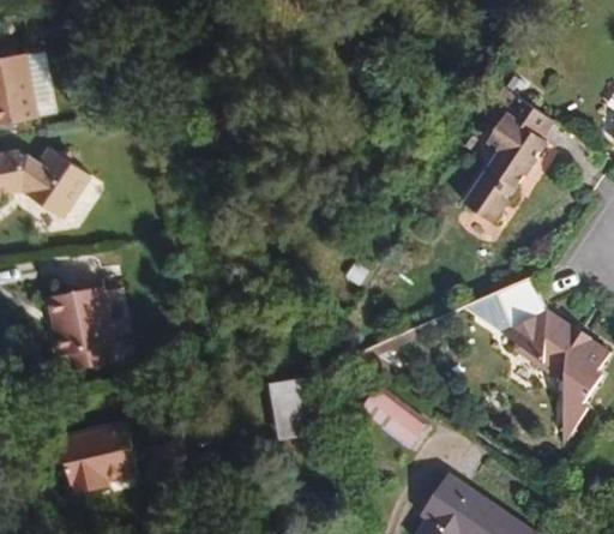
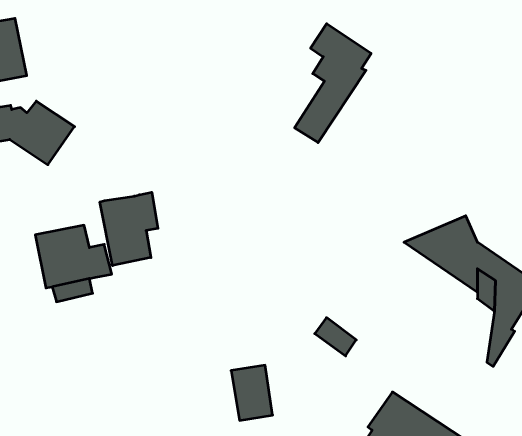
building: [465,88,552,222] -> [295,24,371,143]
building: none -> [100,192,158,266]
building: [267,378,314,440] -> [231,365,273,420]
building: [60,425,139,494] -> none

